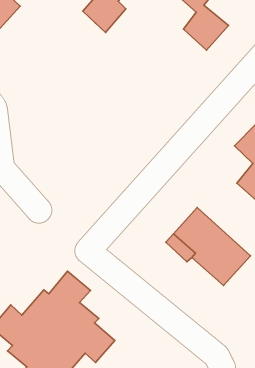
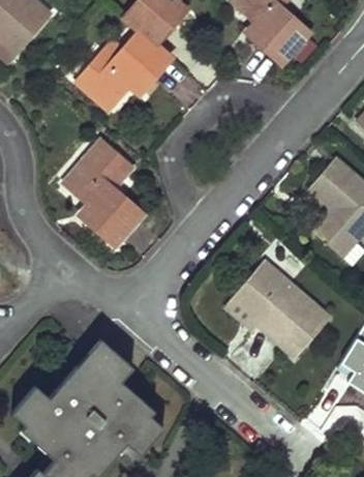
building: none -> [81,34,170,109]
building: none -> [65,143,141,244]

